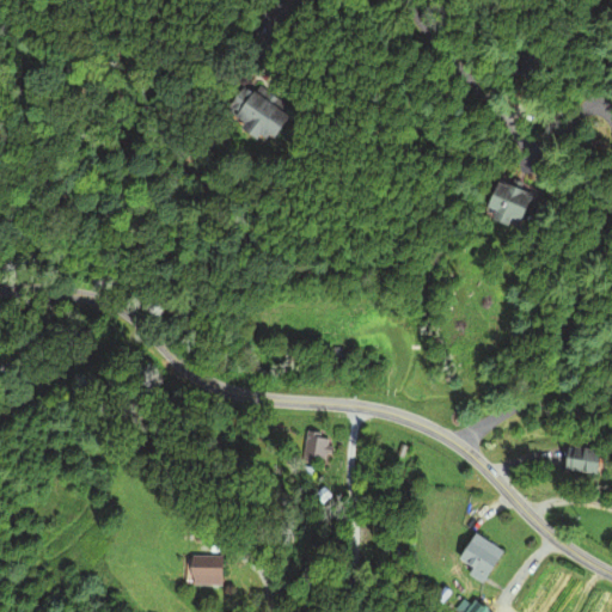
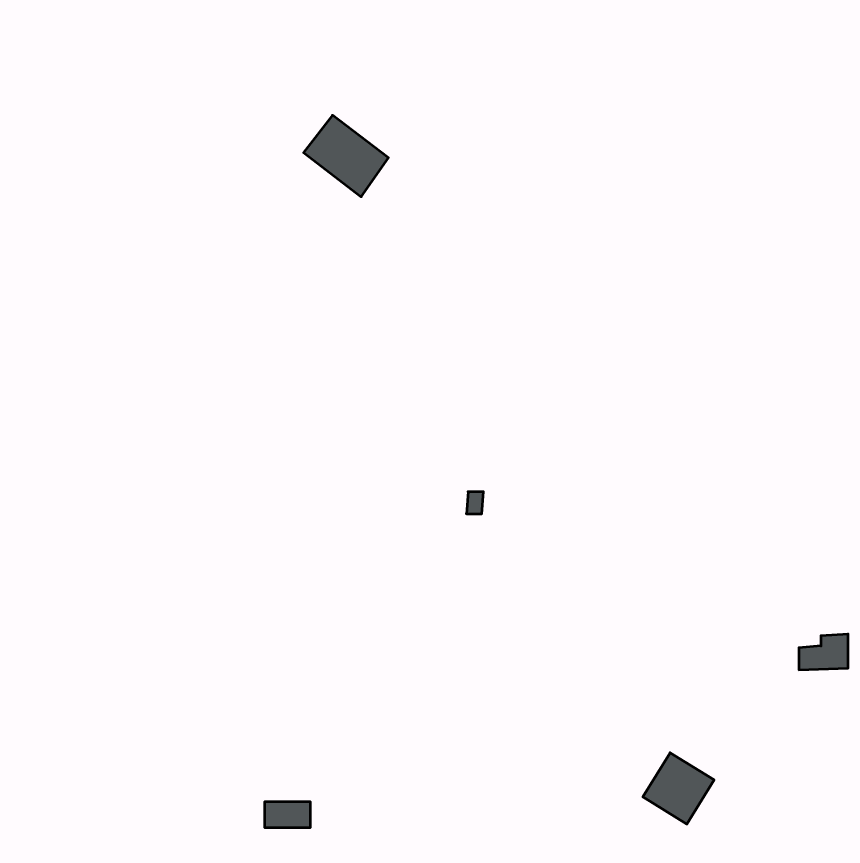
building: [481,177,526,222] -> none
building: [306,433,332,460] -> none

